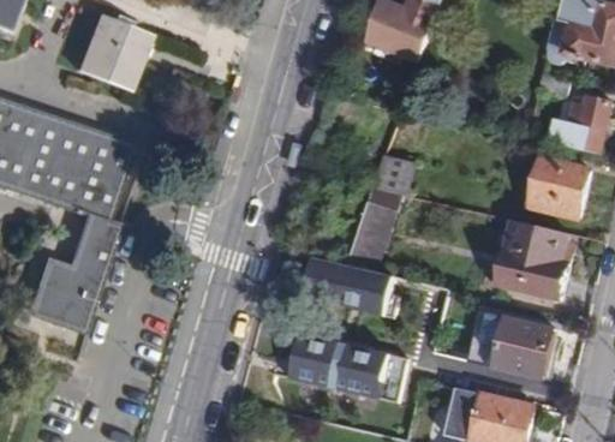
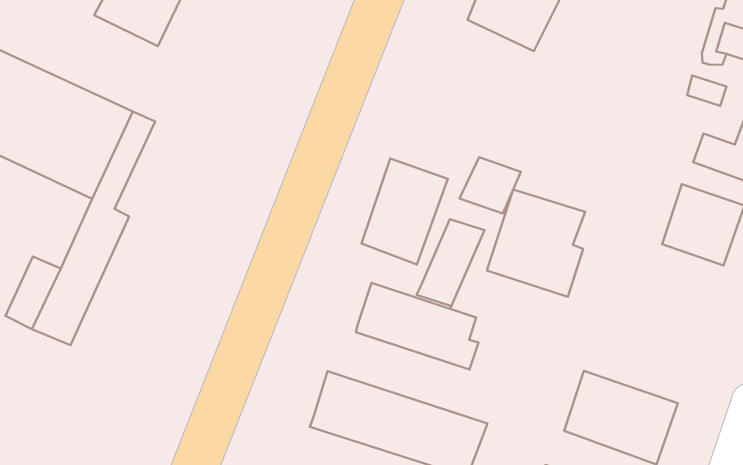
building: none -> [361,158,448,264]
building: [500,221,573,300] -> [487,190,585,297]

